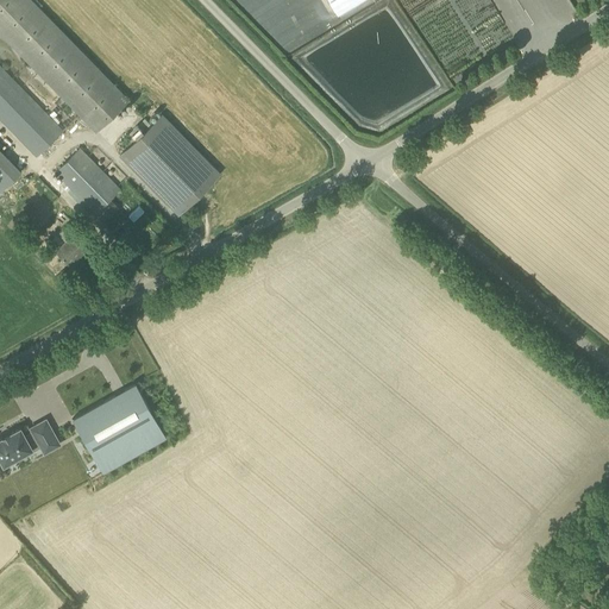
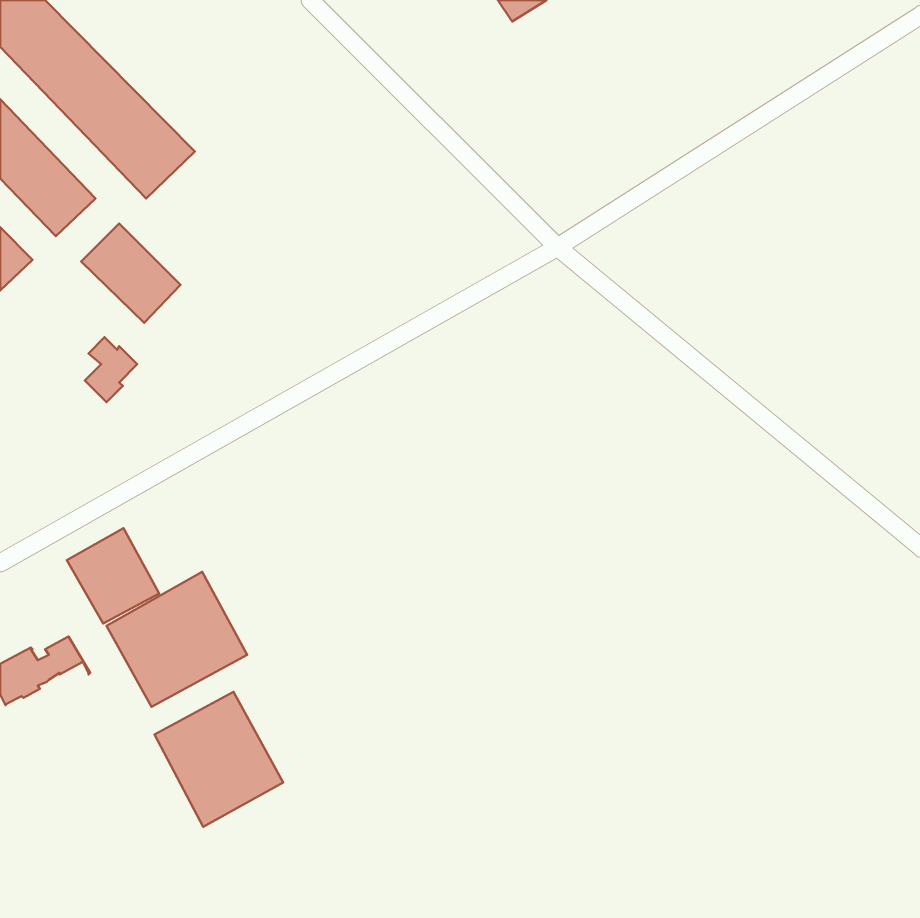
building: [121,117,221,216] -> none
building: none -> [67,528,159,624]
building: none -> [154,692,283,827]

